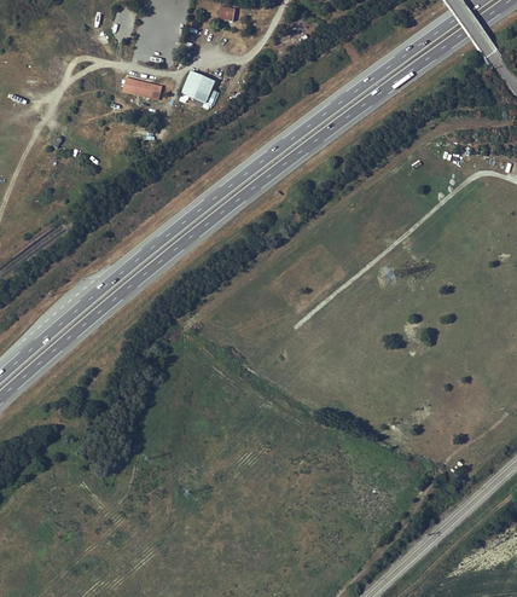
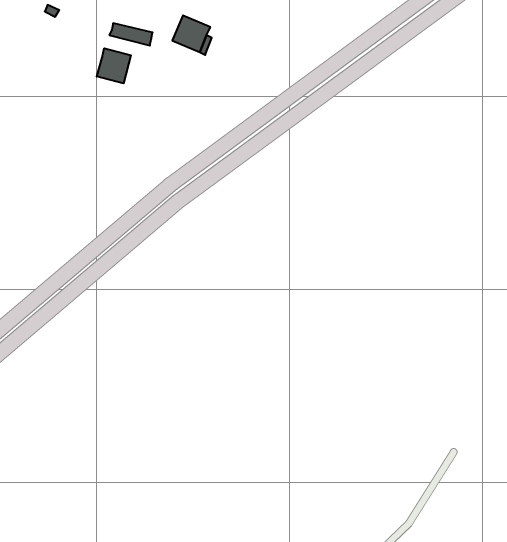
building: none -> [97,48,131,83]

